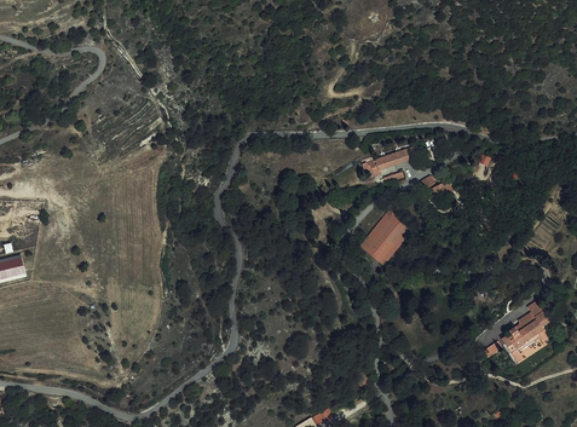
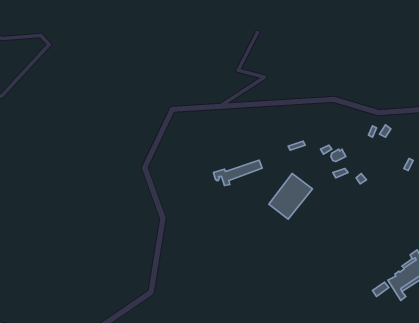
building: [359,145,417,175] -> [213,160,262,186]

